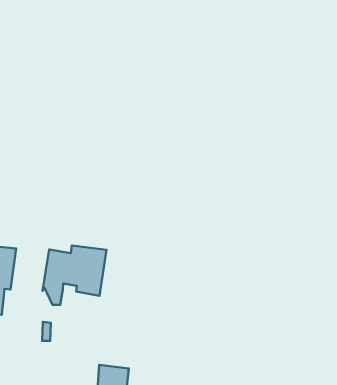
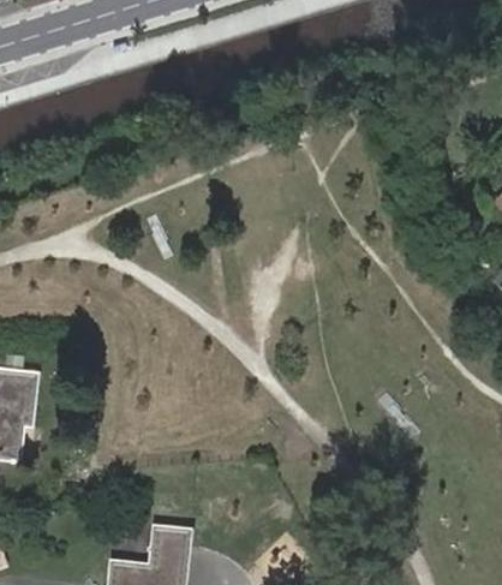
building: [42,245,106,305] -> none

